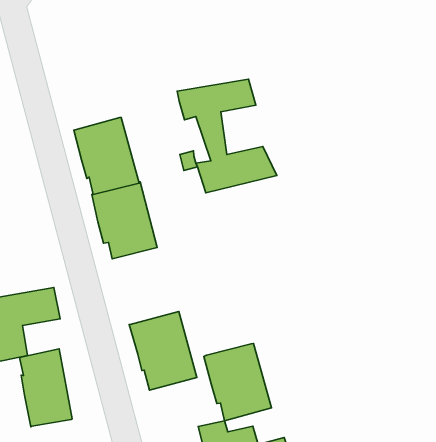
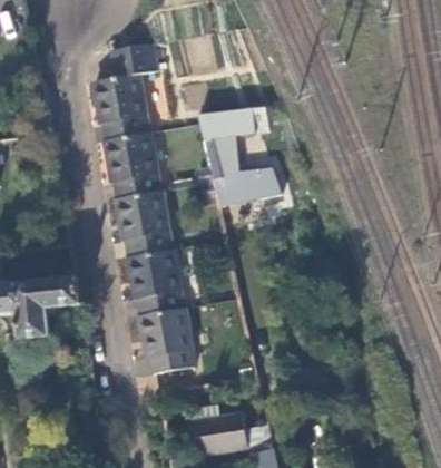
building: none -> [92,42,153,139]
building: [204,344,272,421] -> [127,248,183,314]
building: [19,349,72,427] -> none

